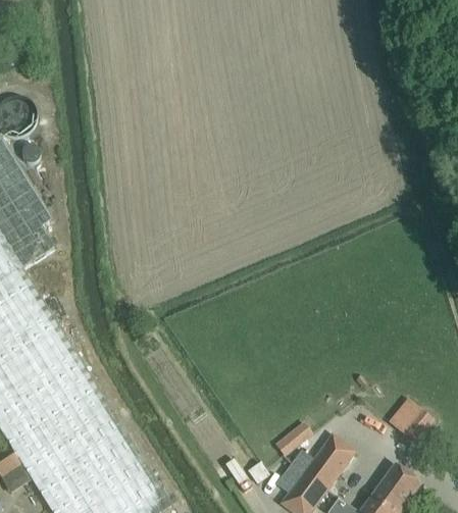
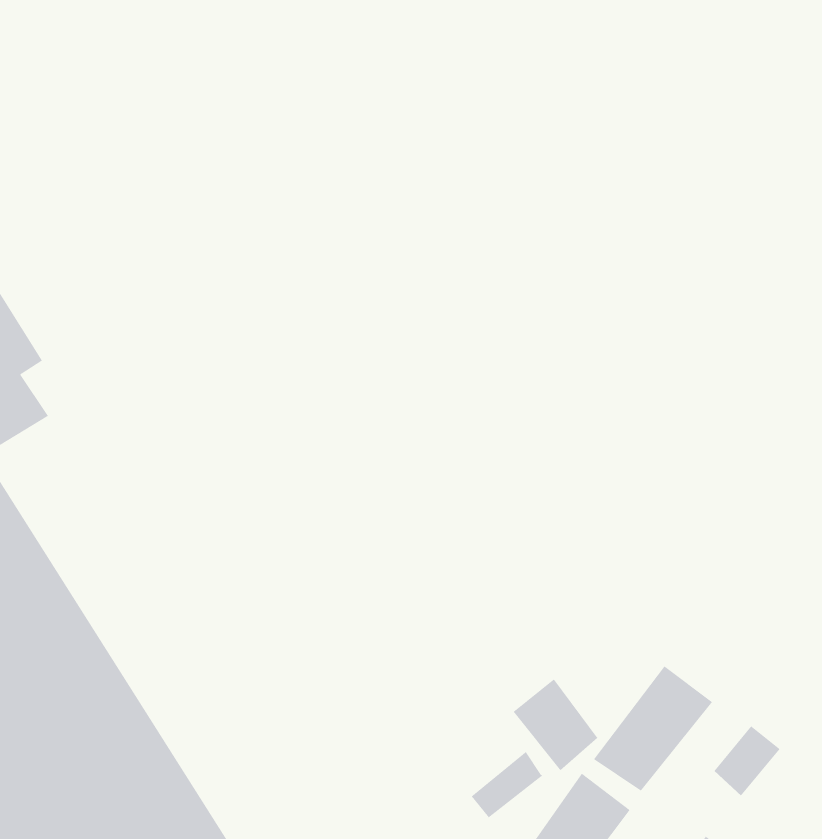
building: none -> [593,666,713,792]
building: none -> [513,678,598,771]

